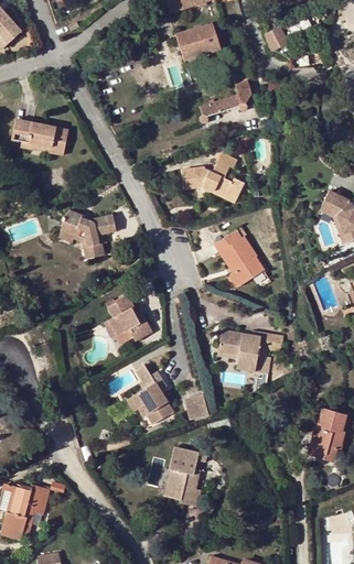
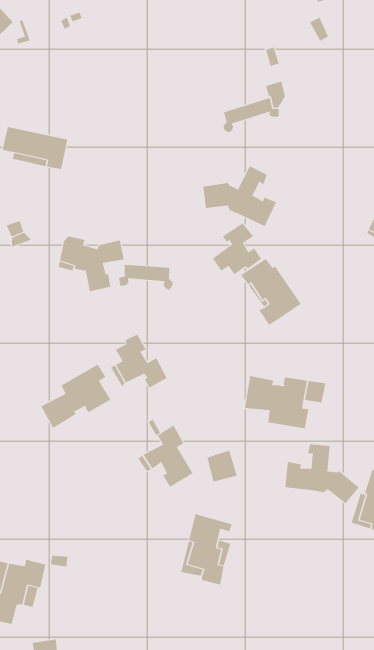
building: [175,22,219,58] -> none
building: none -> [212,222,262,275]
building: none -> [119,263,174,290]
building: none -> [40,364,111,429]
building: none -> [285,443,359,504]

